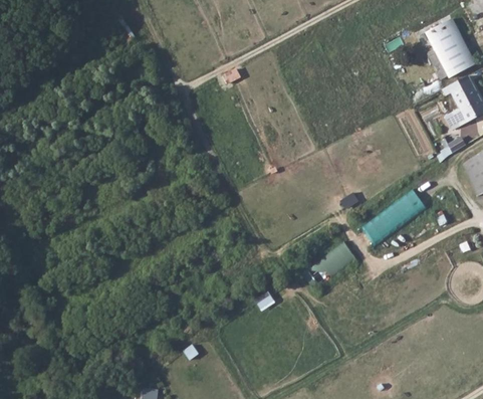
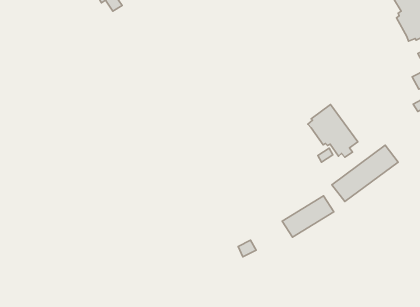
building: none -> [308,104,358,157]

